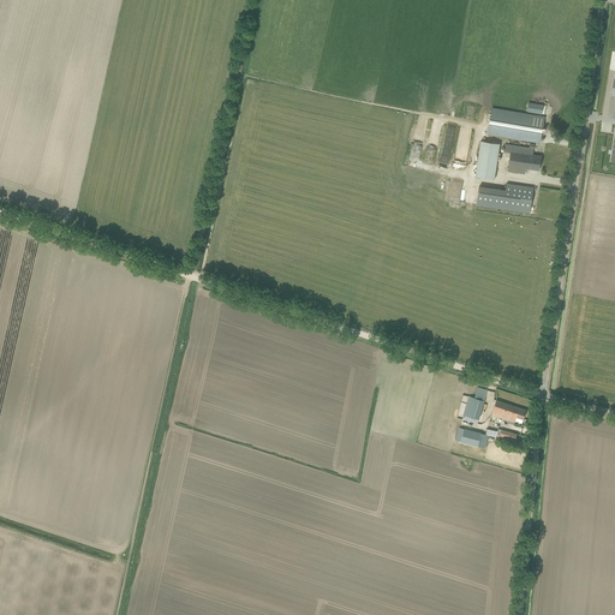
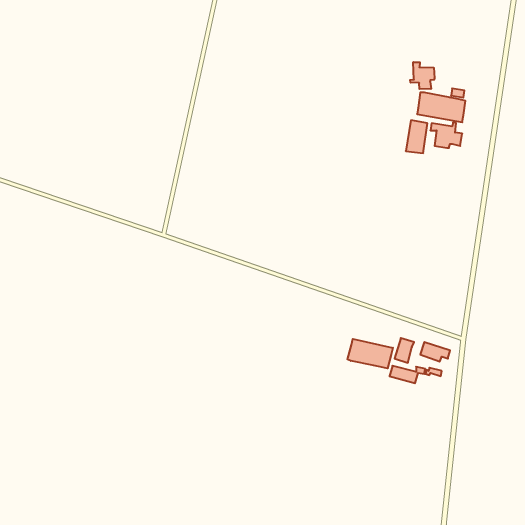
building: none -> [410,62,434,89]
building: [476,184,533,213] -> none
building: none -> [347,339,393,368]

